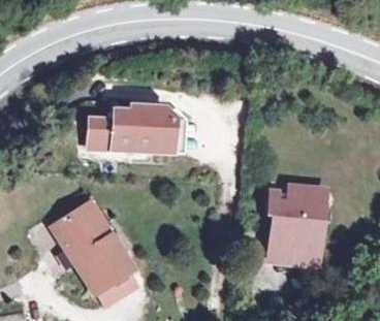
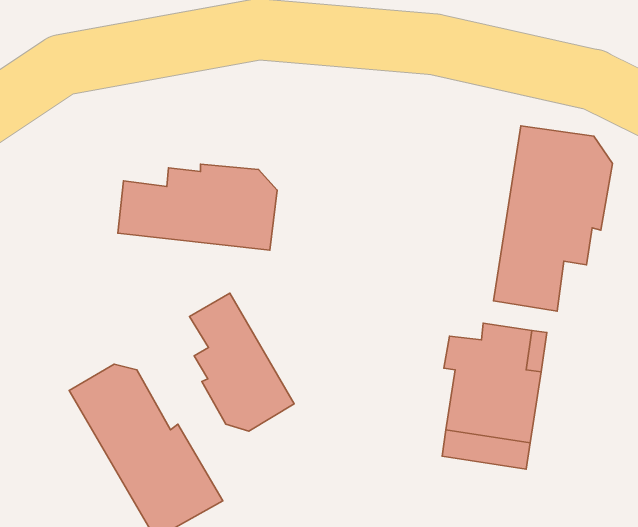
building: none -> [494,126,612,311]
building: none -> [190,293,294,431]

